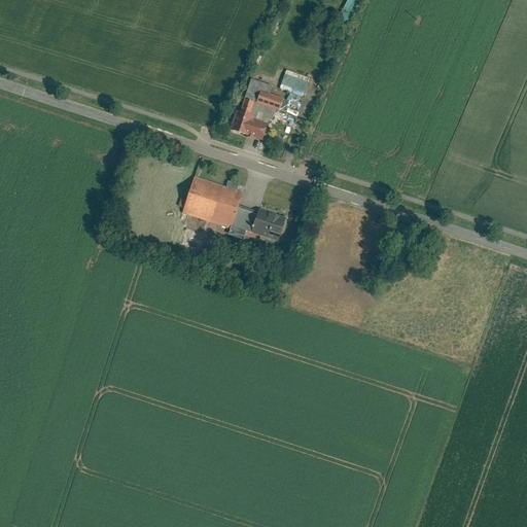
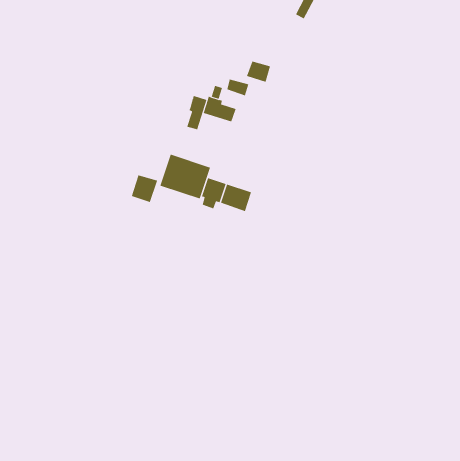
building: none -> [187,95,207,130]
building: none -> [131,175,158,203]

